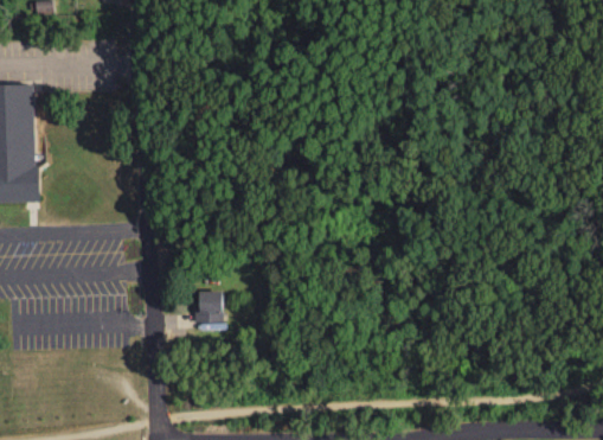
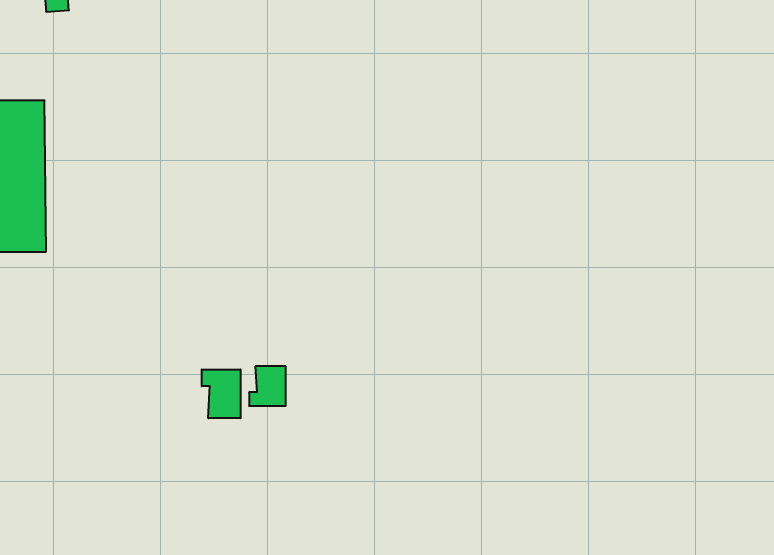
building: none -> [202,369,241,418]

